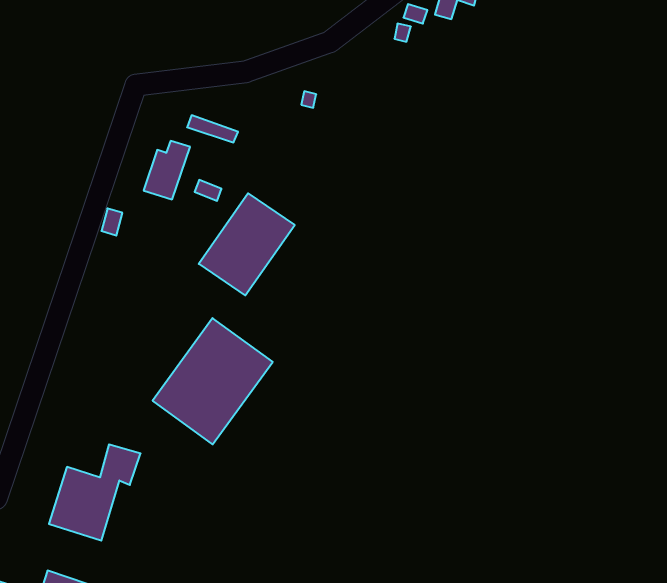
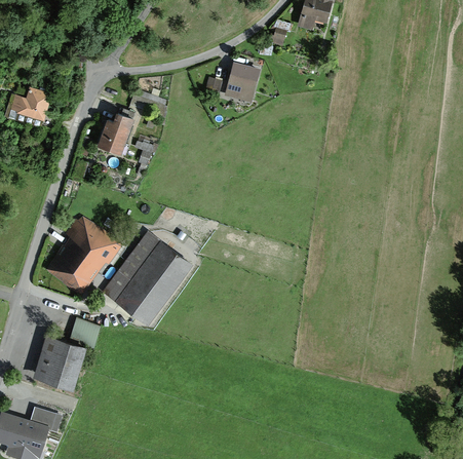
building: none -> [227,63,257,101]
building: none -> [10,88,48,126]
building: [199,193,295,295] -> [47,222,113,292]

